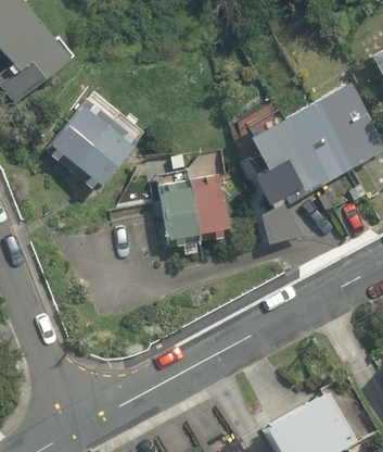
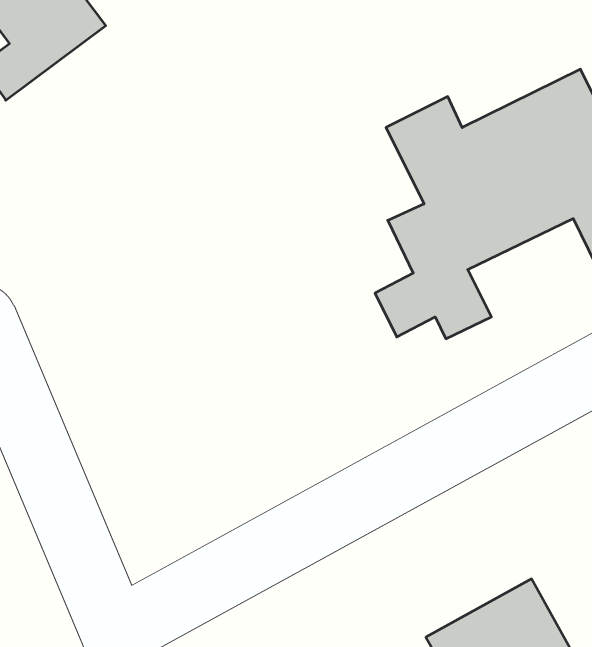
building: [49,96,136,181] -> none
building: [158,173,233,241] -> none

